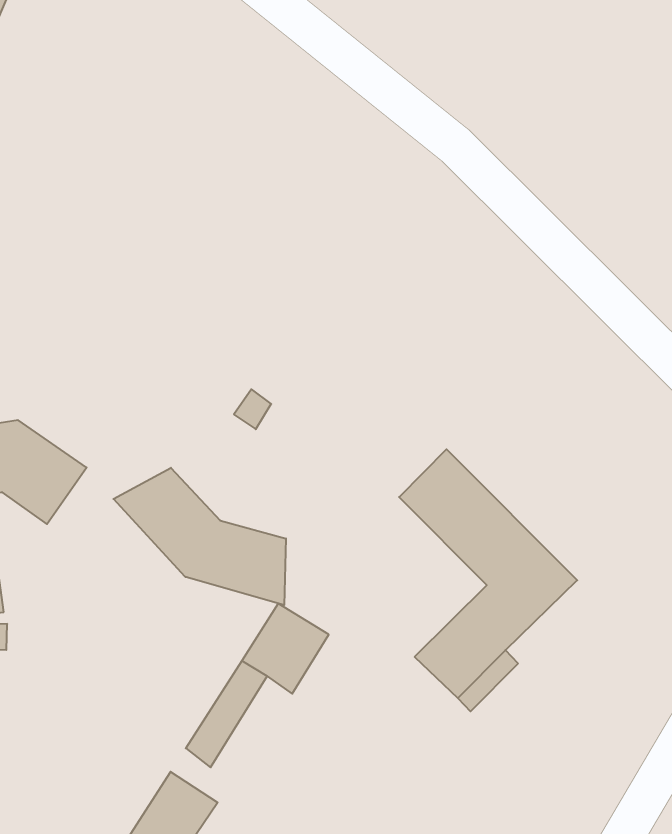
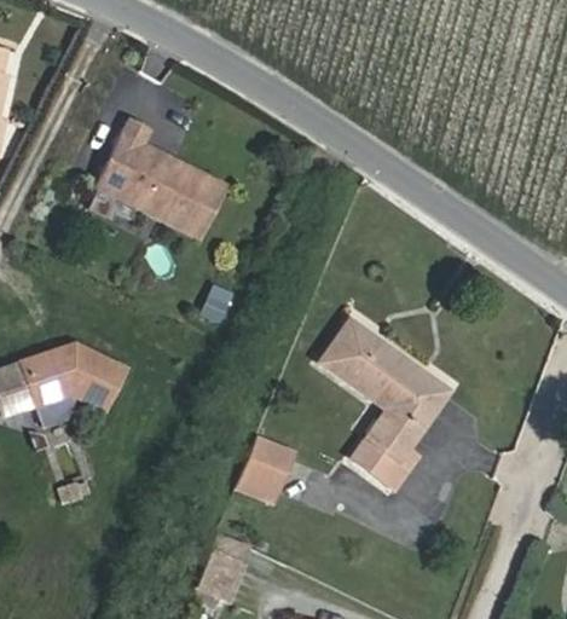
building: none -> [89,121,219,239]
building: [113,468,286,605] -> none

